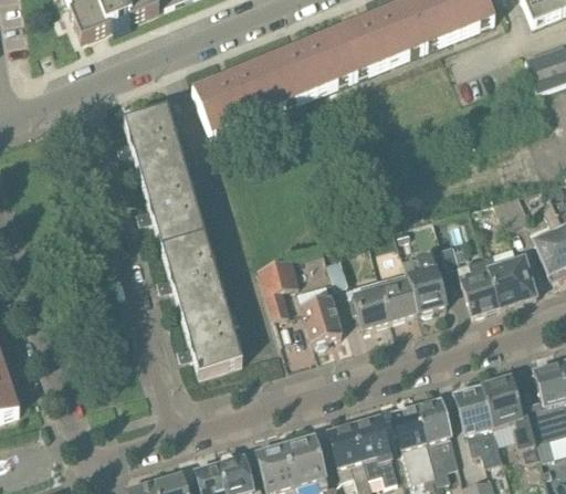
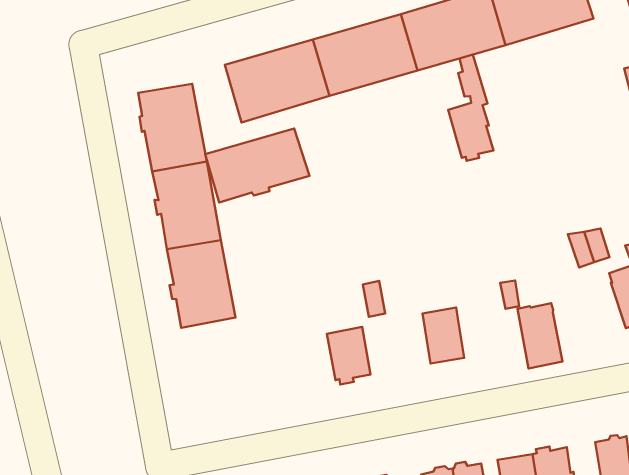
building: none -> [448,55,493,161]
building: none -> [205,128,309,202]
building: [402,251,447,312] -> none
building: [488,253,537,306] -> none
building: [258,257,300,318] -> none
building: [347,278,390,327] -> none
building: [180,298,243,375] -> none

